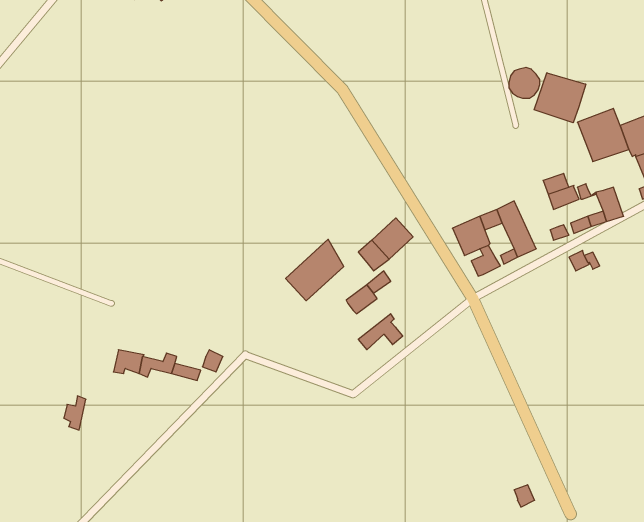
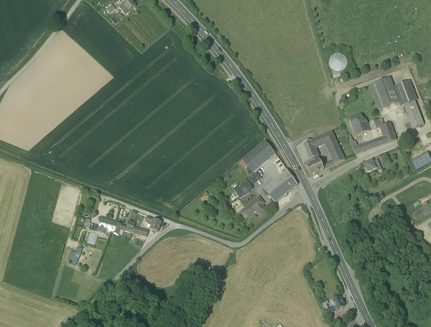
building: [534,73,586,123] -> none
building: [286,239,344,301] -> [263,167,297,203]

